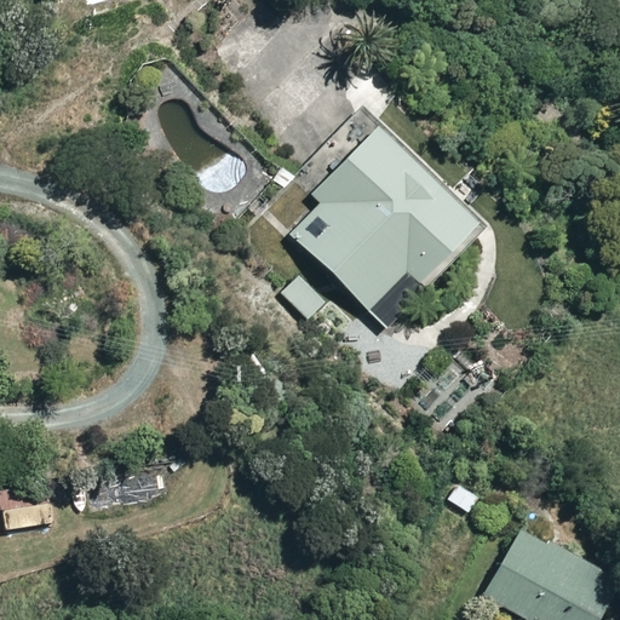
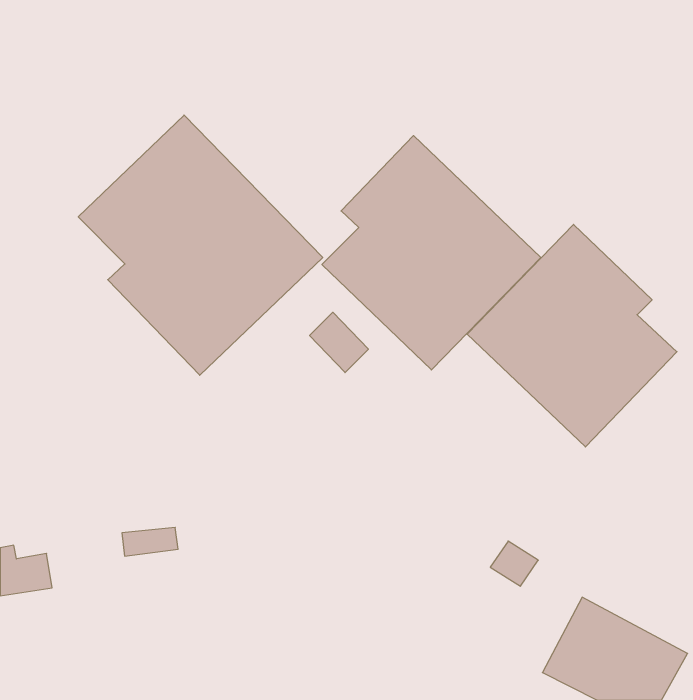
building: none -> [78,115,323,375]
building: none -> [467,224,677,447]

